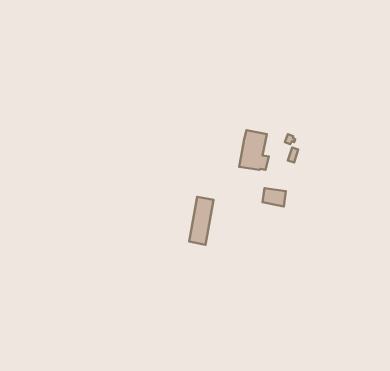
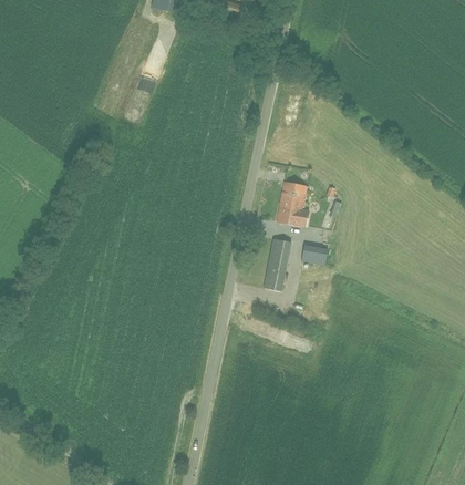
building: [189,197,214,245] -> [264,237,290,289]

